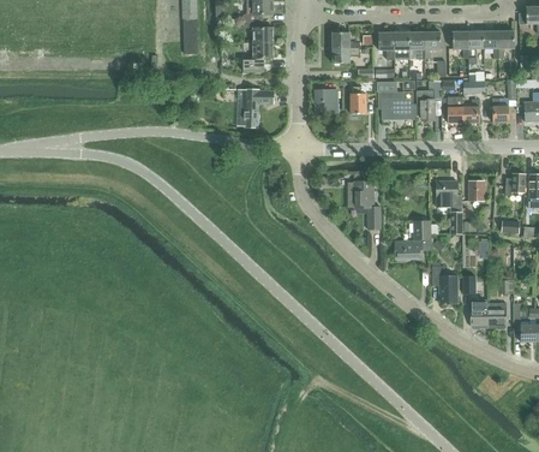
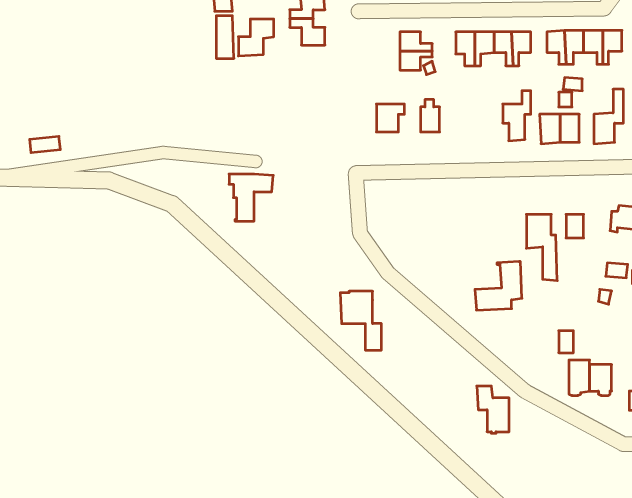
building: [242,42,271,72] -> [238,19,274,56]
building: [376,81,412,118] -> none
building: [238,89,274,127] -> [229,174,273,221]
building: [346,180,379,228] -> [340,291,381,350]
building: [433,264,460,303] -> [477,386,509,433]

